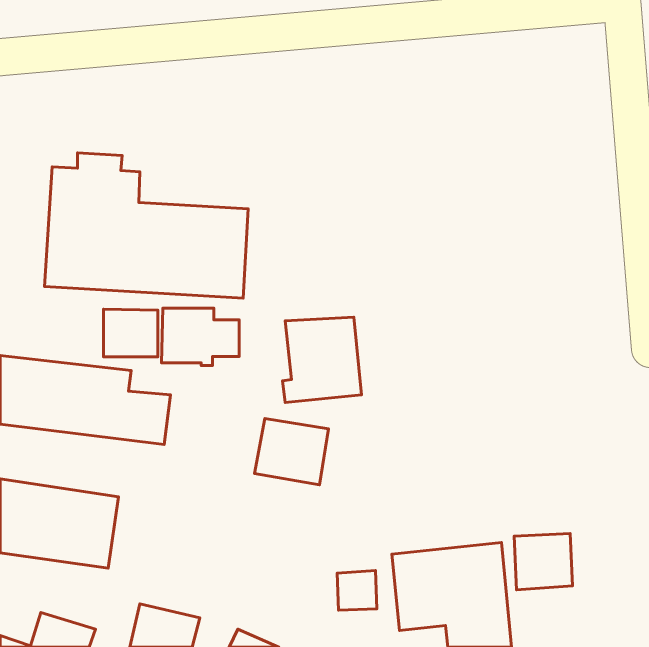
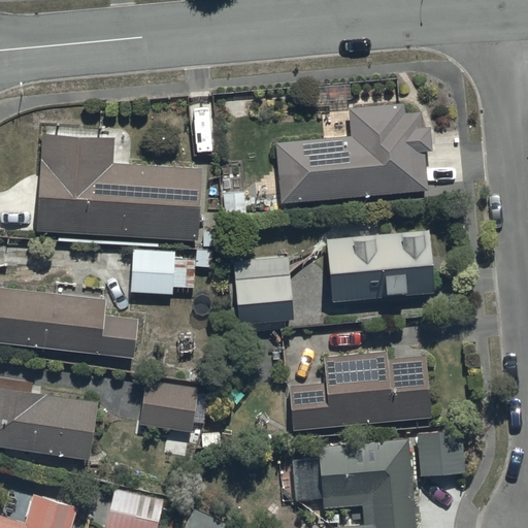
building: none -> [276,103,431,203]
building: none -> [327,231,434,302]
building: [104,309,158,357] -> none
building: [255,419,328,485] -> [139,380,199,433]
building: none -> [289,352,431,431]

